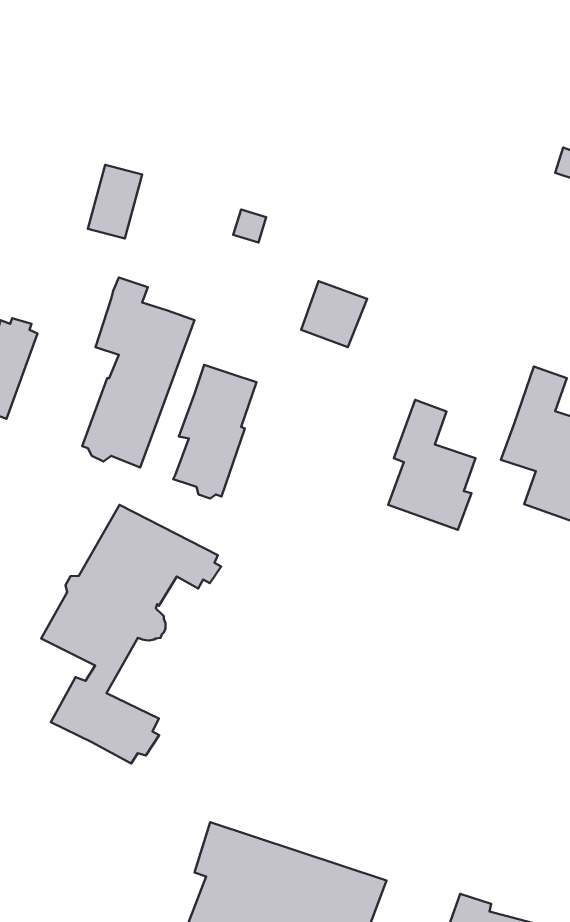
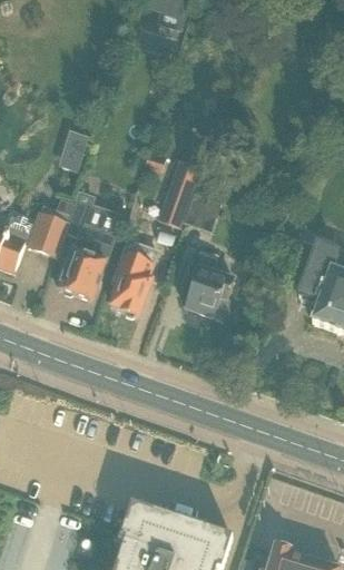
building: none -> [157,161,198,227]
building: none -> [27,199,73,257]
building: [388,400,475,530] -> [184,247,234,322]
building: [41,505,221,763] -> none

